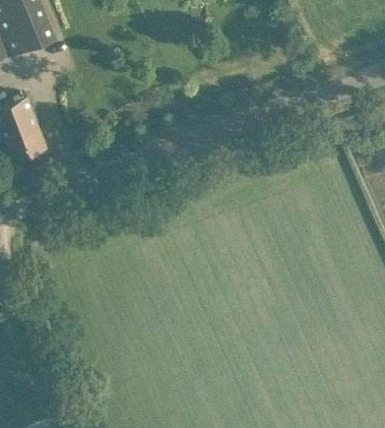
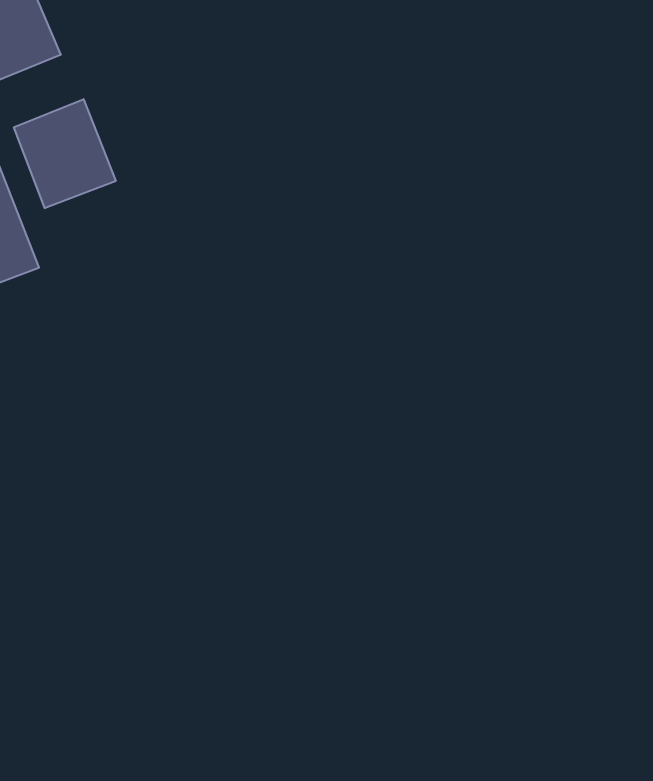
building: none -> [14,99,116,208]

